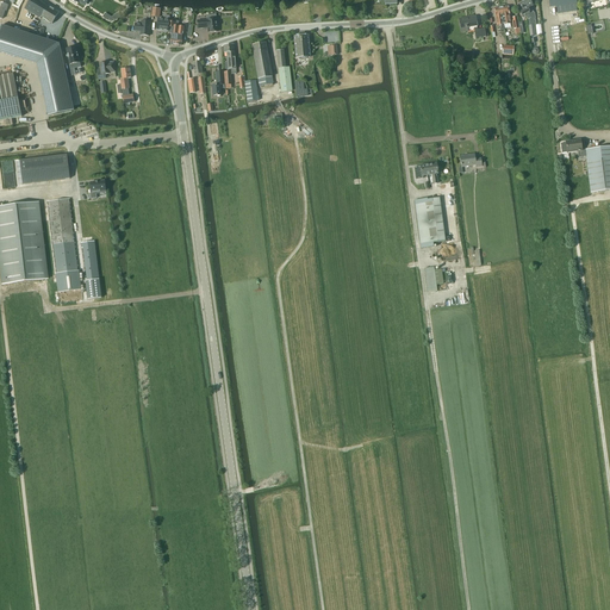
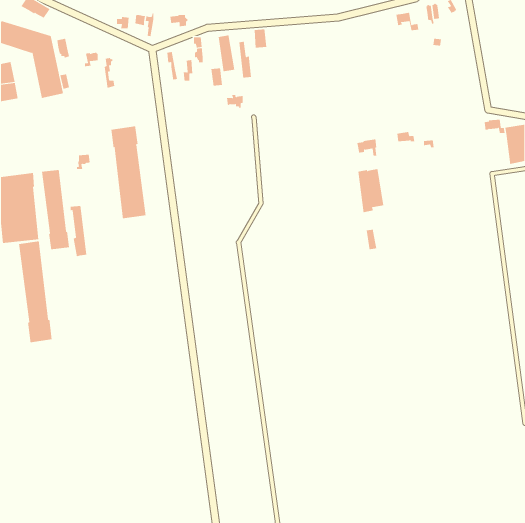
building: none -> [111,126,146,219]
building: [20,156,70,182] -> none
building: none -> [18,241,52,343]

